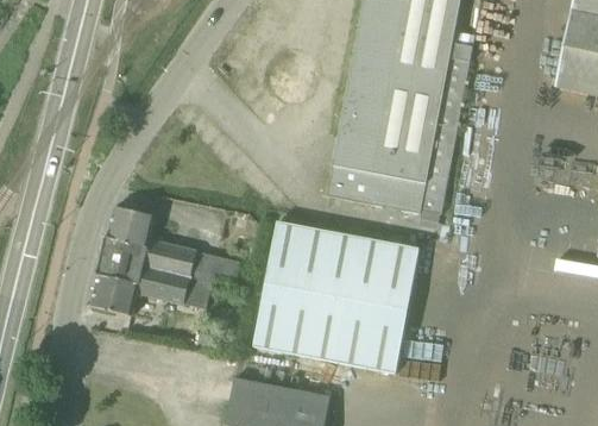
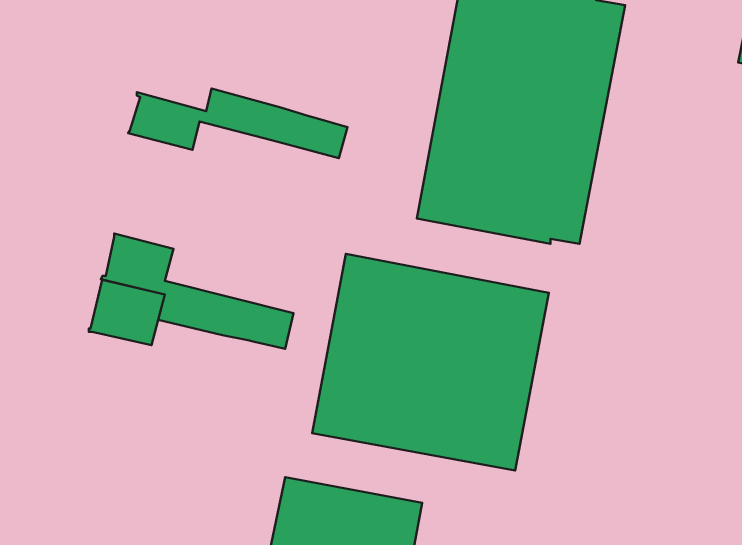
building: none -> [128,89,348,158]
building: [90,267,213,315] -> none

